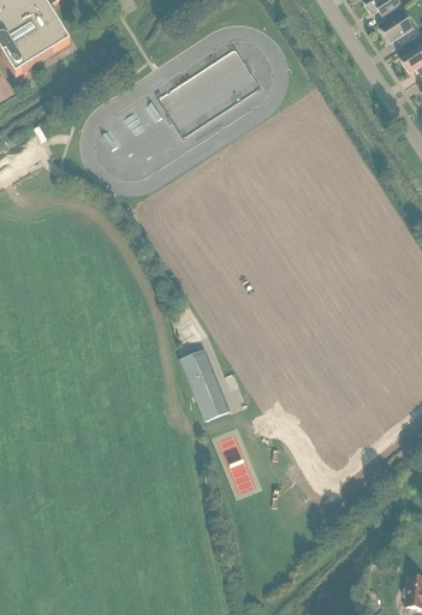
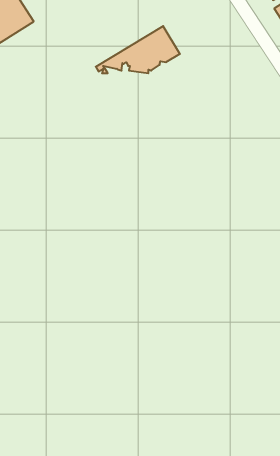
building: [182,350,230,420] -> none

